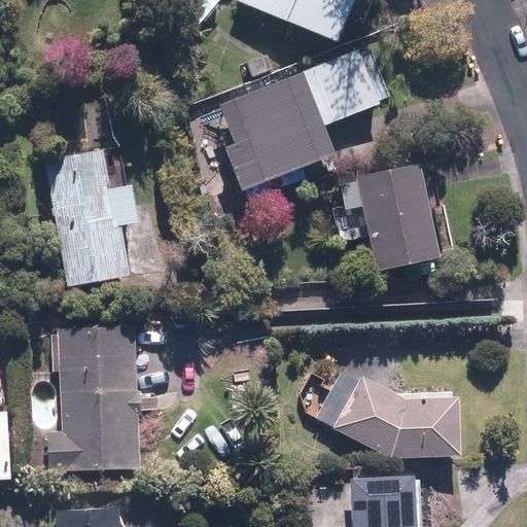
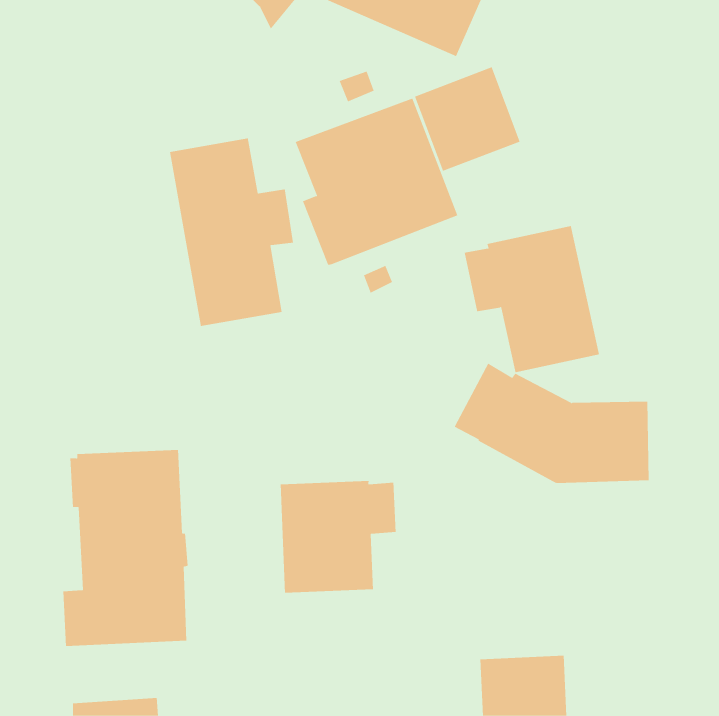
building: [46,148,137,285] -> [169,138,294,326]
building: none -> [280,480,396,594]
building: [318,370,460,457] -> [454,363,650,483]

